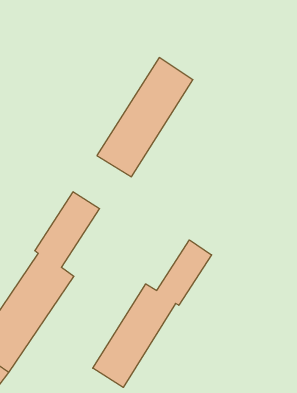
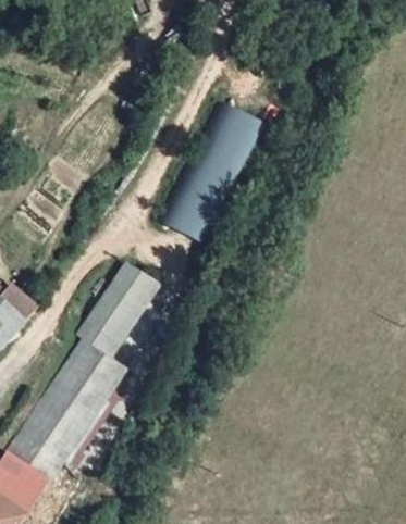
building: [93,240,212,387] -> none

